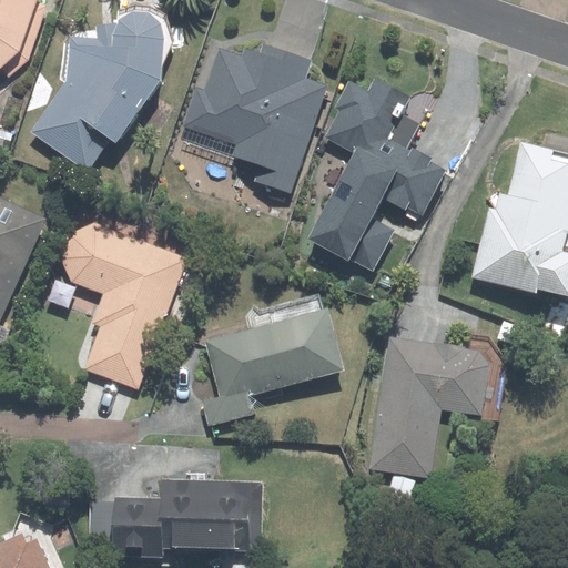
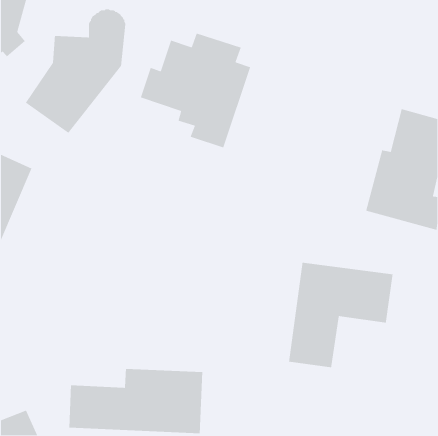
building: [304,82,444,264] -> none
building: [64,217,190,387] -> none
building: [203,308,341,424] -> none

